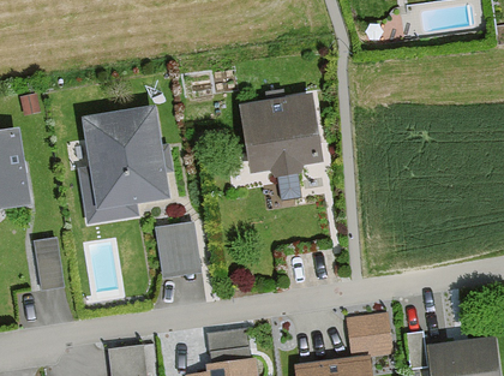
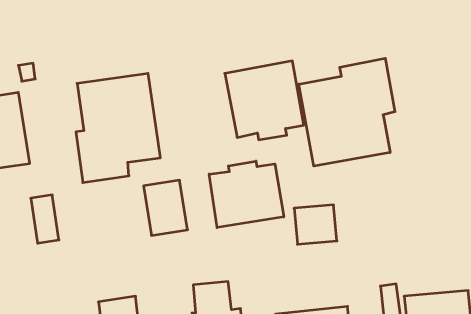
building: none -> [299,58,395,166]
building: none -> [209,161,284,228]
building: [344,314,390,356] -> [294,205,337,244]

